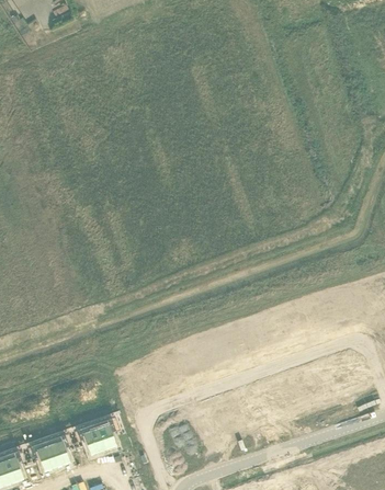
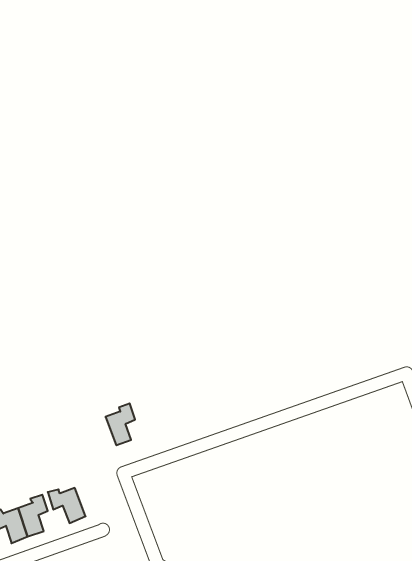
building: [95,414,120,448] -> [105,403,135,445]

